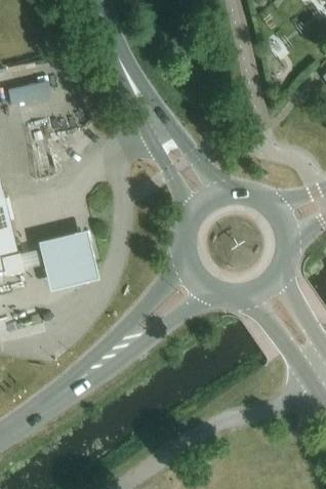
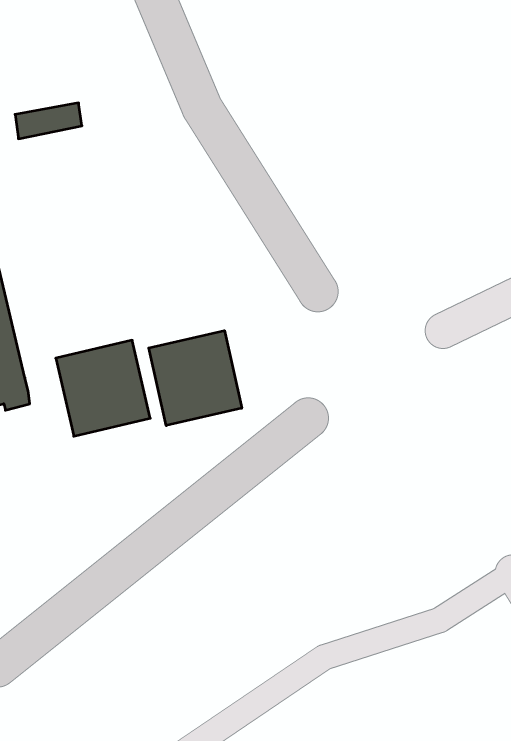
building: none -> [149,331,242,426]

